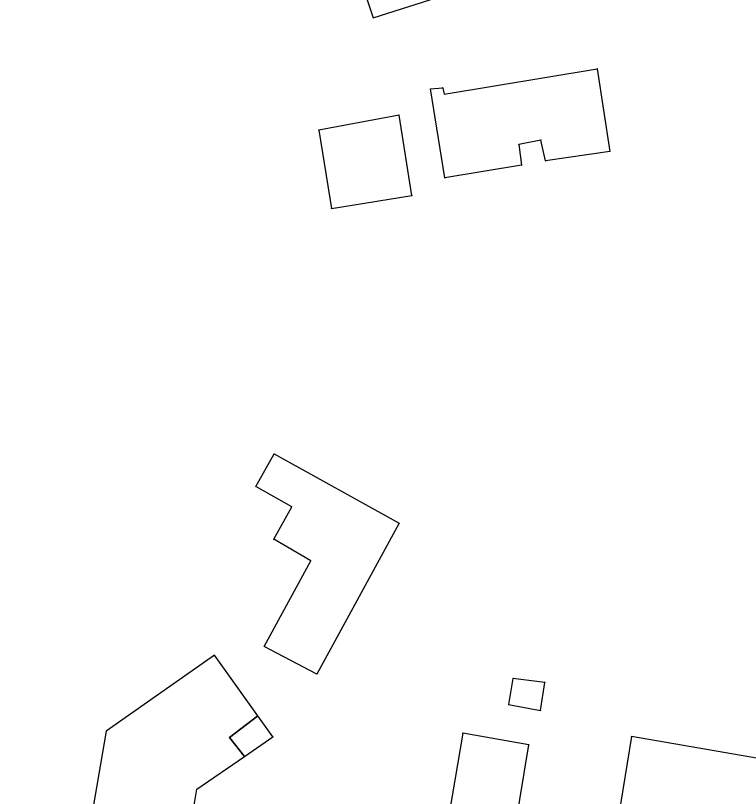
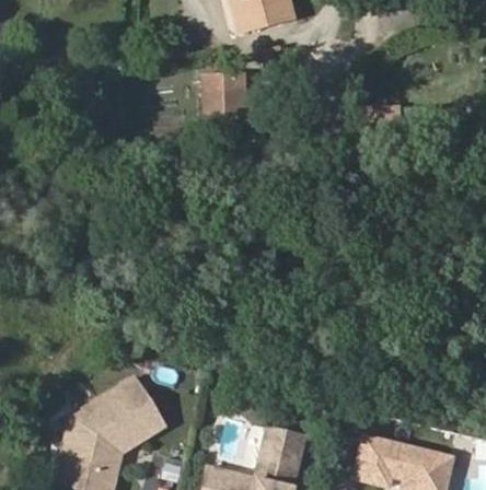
building: [431,69,610,178] -> none
building: [256,454,399,674] -> none

